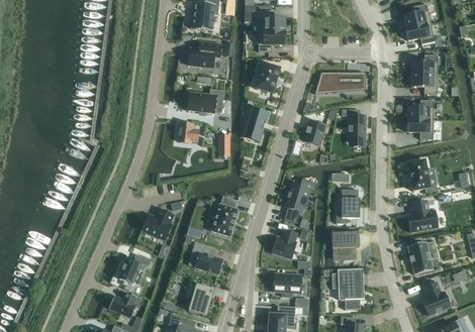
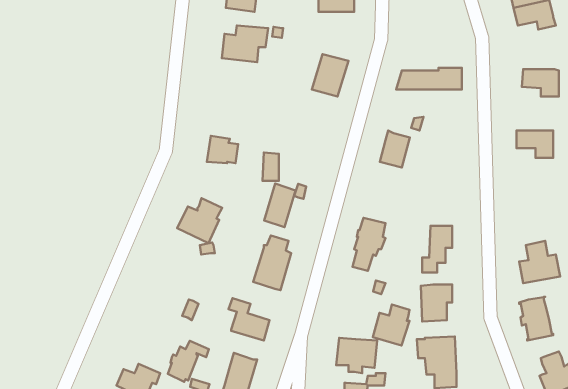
building: [258,31,285,52] -> none
building: [410,54,437,75] -> none
building: [187,89,224,113] -> none
building: [405,100,433,119] -> none
building: [244,107,267,139] -> [264,184,296,227]
building: [349,115,365,140] -> none
building: [407,160,438,194] -> none
building: [140,208,174,241] -> [177,198,222,243]
building: [270,229,297,259] -> [373,305,410,345]
building: [119,254,150,285] -> [168,341,209,382]

